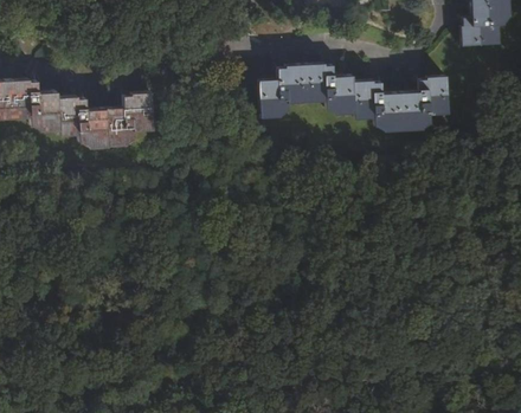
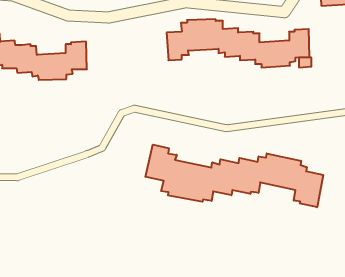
building: none -> [146,145,323,207]

